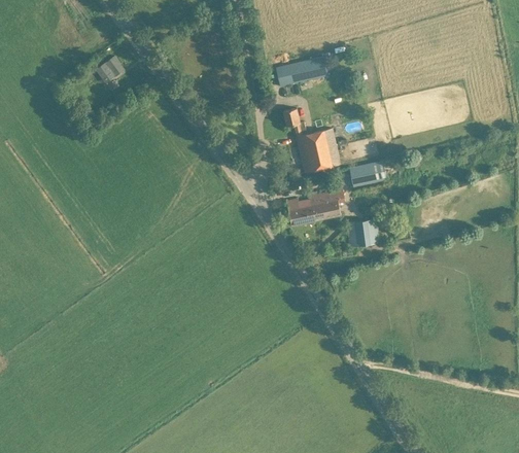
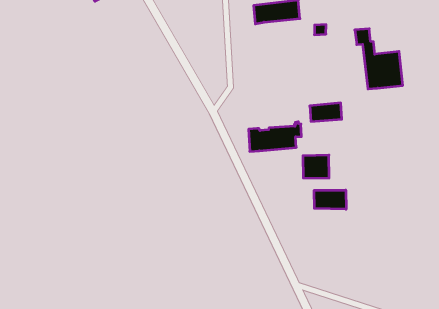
building: [282,108,341,173] -> [355,29,403,89]
building: none -> [314,190,346,209]

